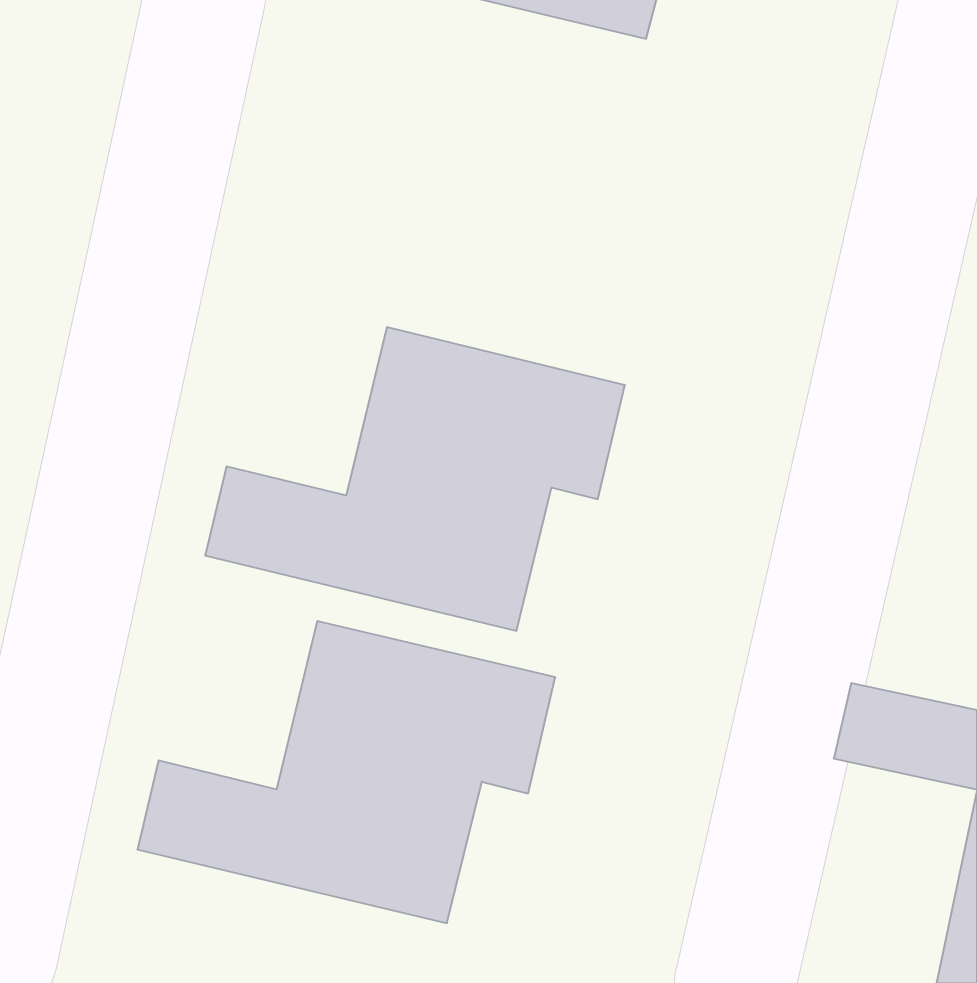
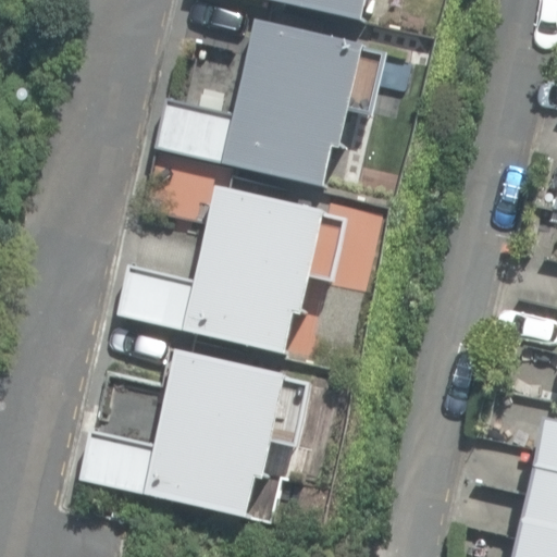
building: none -> [153,17,388,188]

